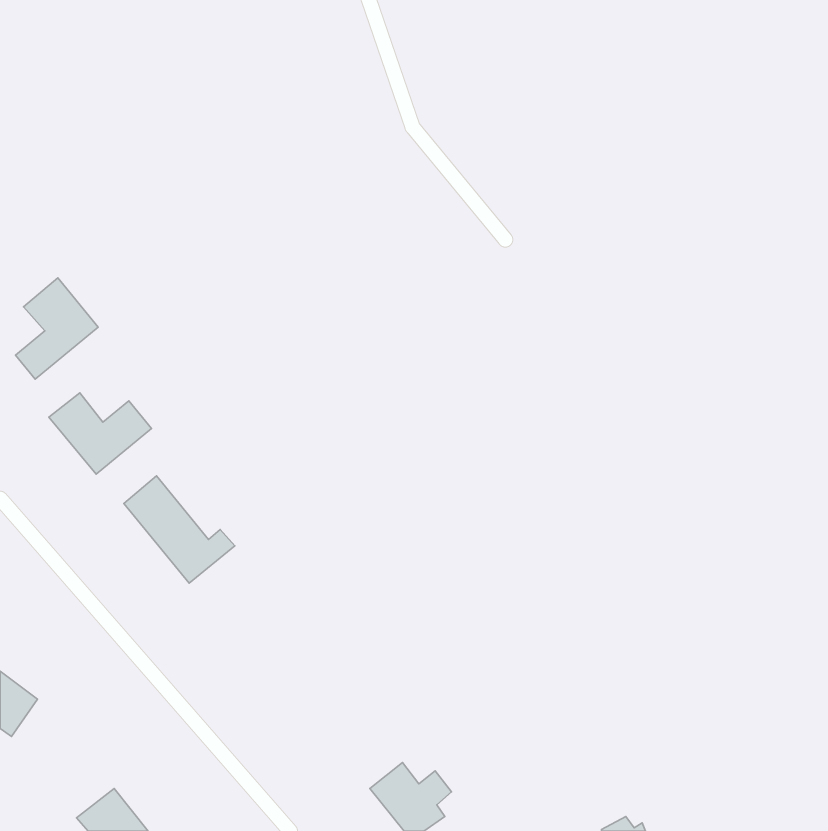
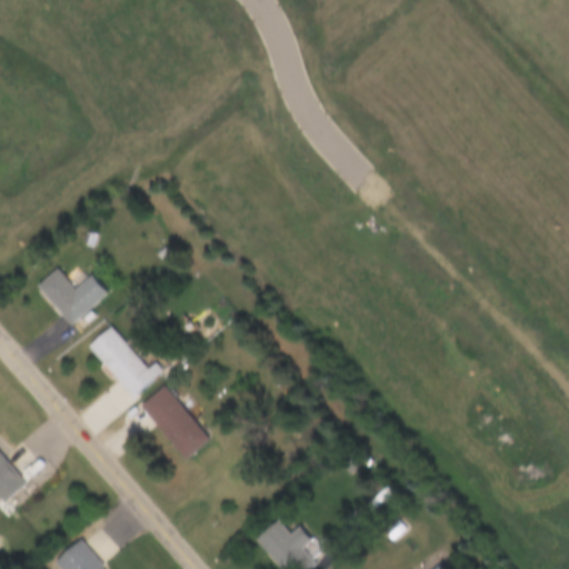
building: [15,278,98,379] -> none
building: none -> [141,385,207,458]

